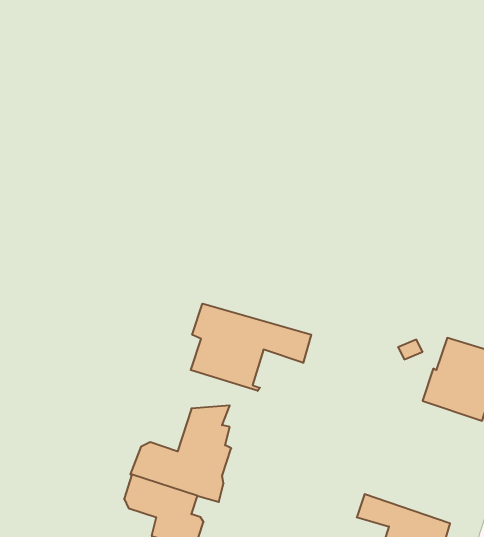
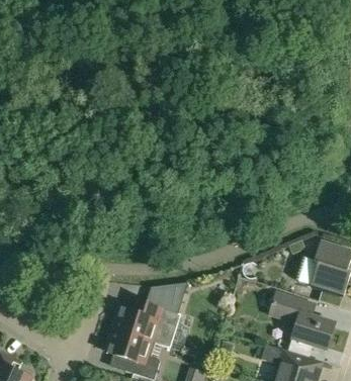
building: [191,304,311,391] -> none
building: none -> [268,292,334,350]

